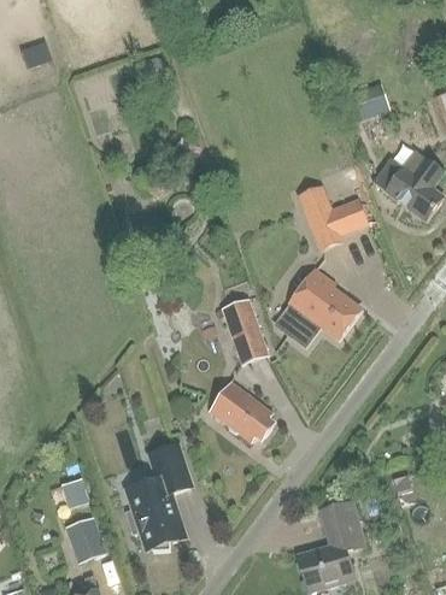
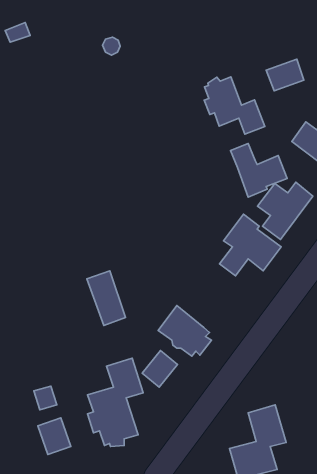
building: none -> [204,77,265,134]
building: none -> [258,182,313,240]
building: [224,295,271,361] -> [87,271,126,325]
building: none -> [142,351,178,387]

